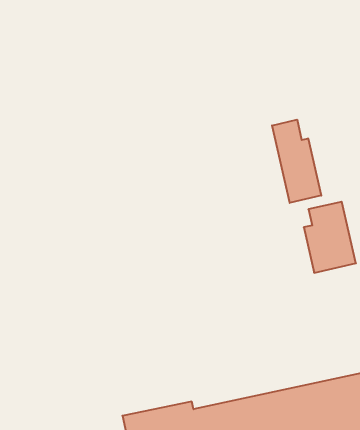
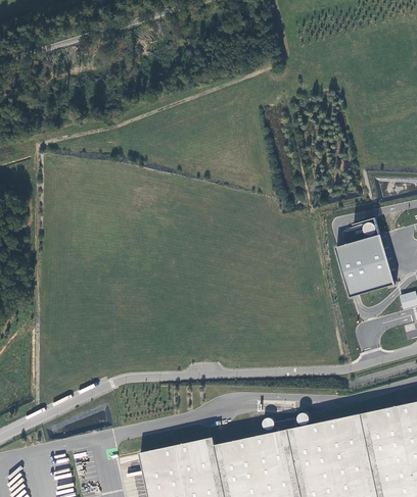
building: [272,120,321,203] -> none

